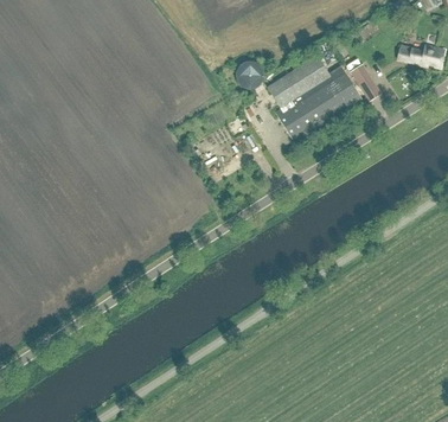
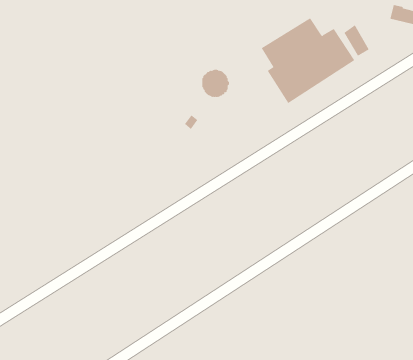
building: [236,59,264,88] -> [201,69,230,97]

